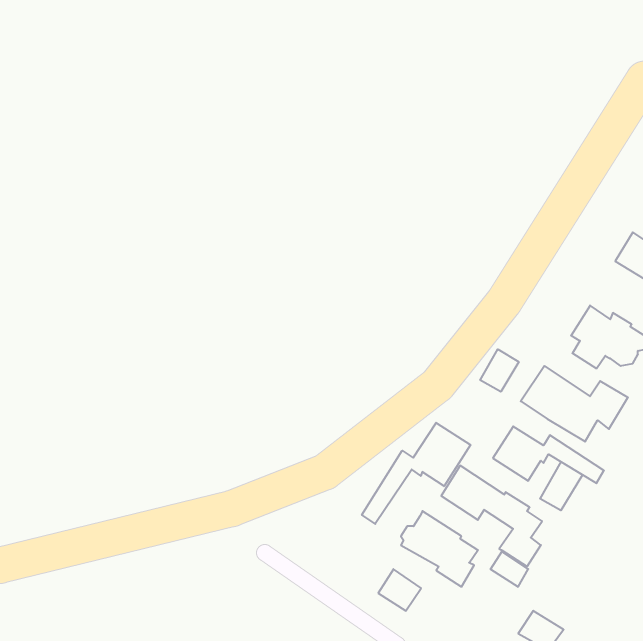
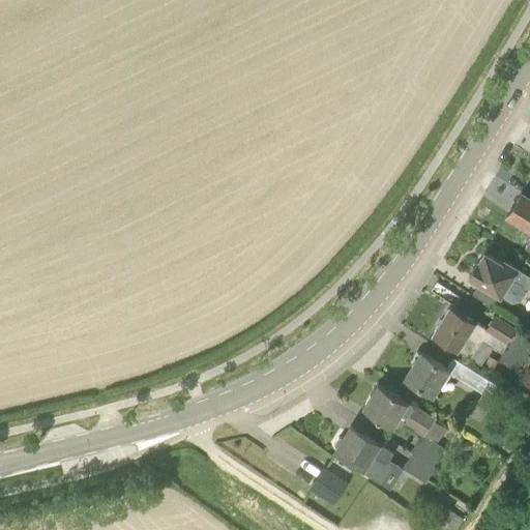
building: [480,349,519,392] -> none
building: [362,423,470,524] -> none
building: [540,462,582,510] -> none

